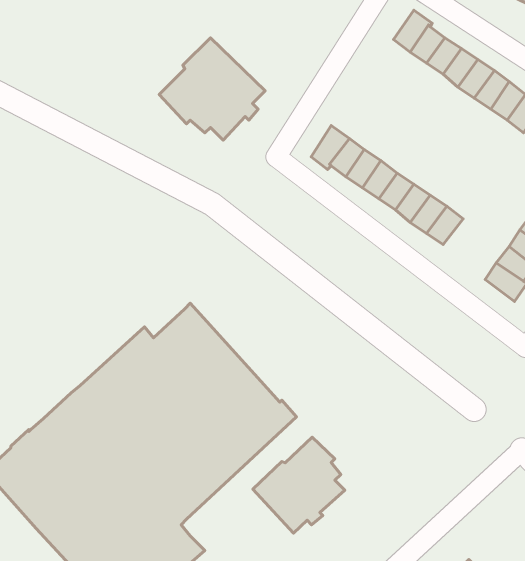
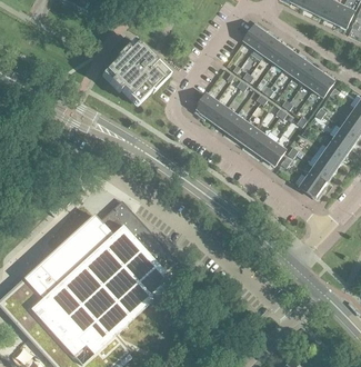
building: [253,437,345,533] -> none

